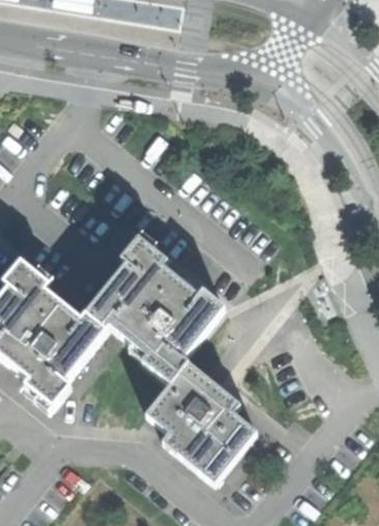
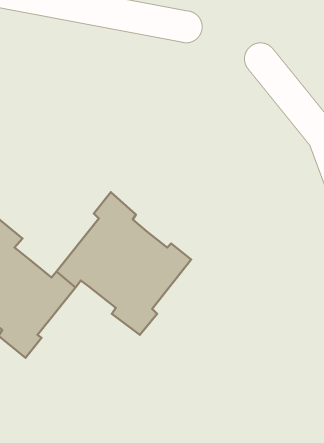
building: [145,358,254,480] -> none

